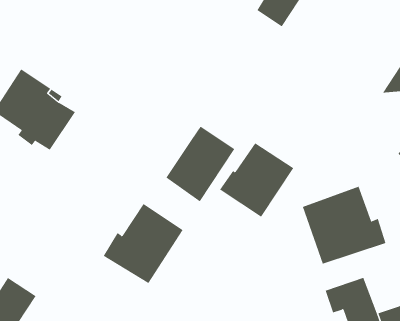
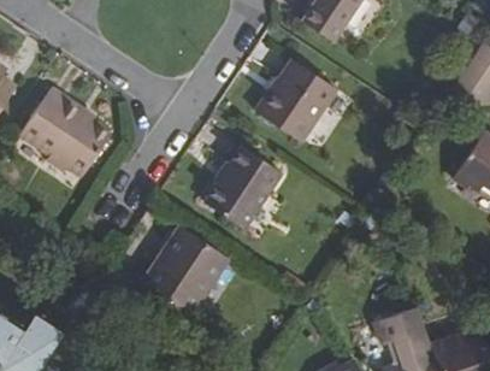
building: [219,142,294,218] -> [254,59,335,140]
building: [302,186,386,265] -> none

